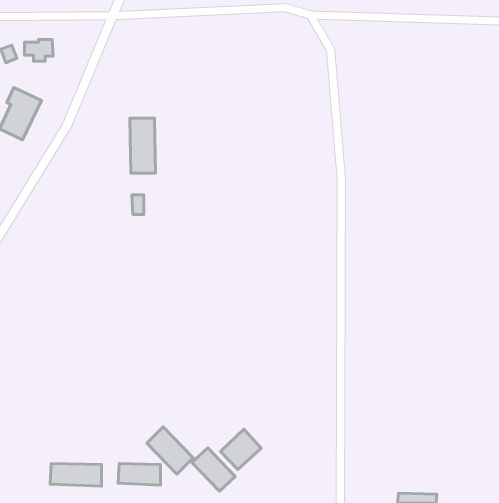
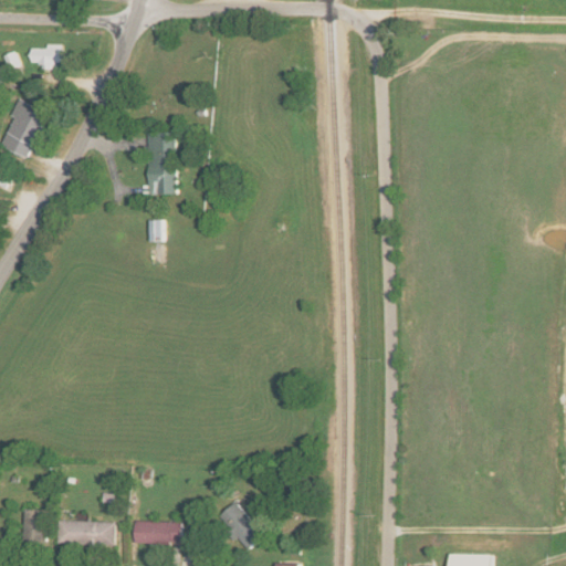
building: [147,427,193,474] -> none
building: [220,429,261,469] -> none
building: none -> [22,510,46,547]

